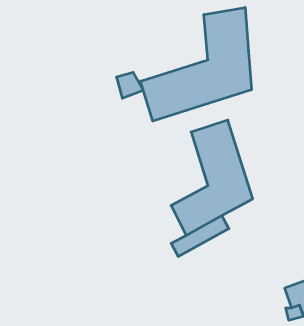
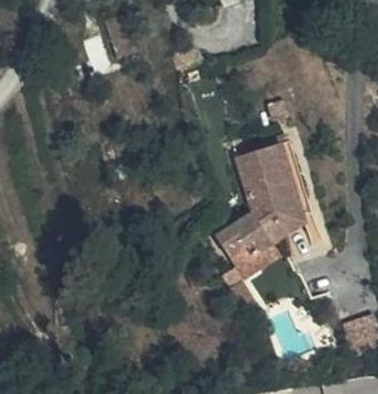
building: [140,7,251,121] -> none

